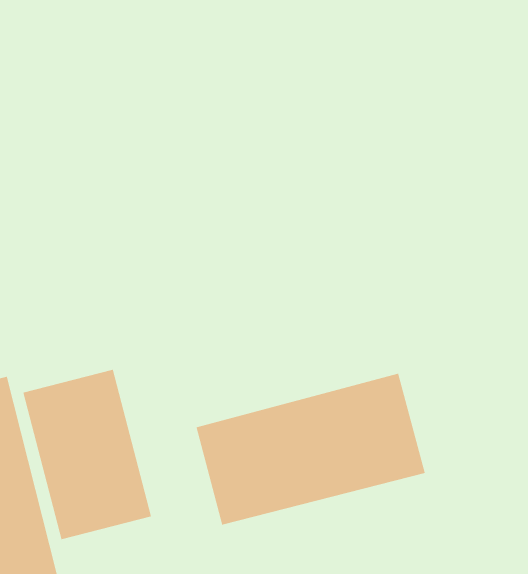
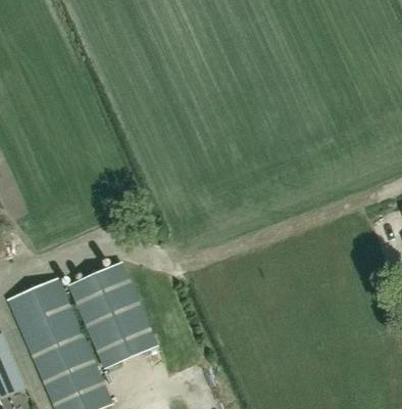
building: [196,373,425,526] -> none

